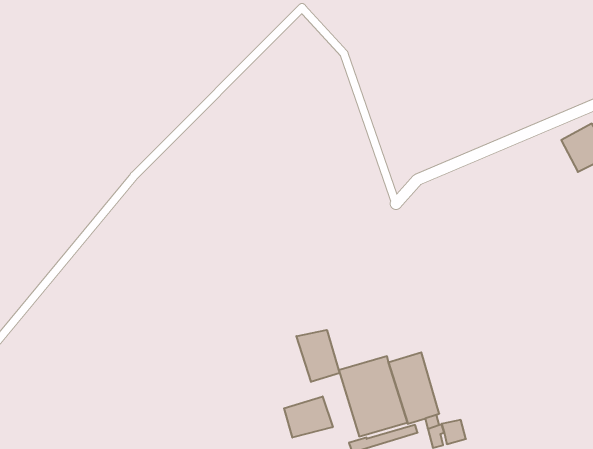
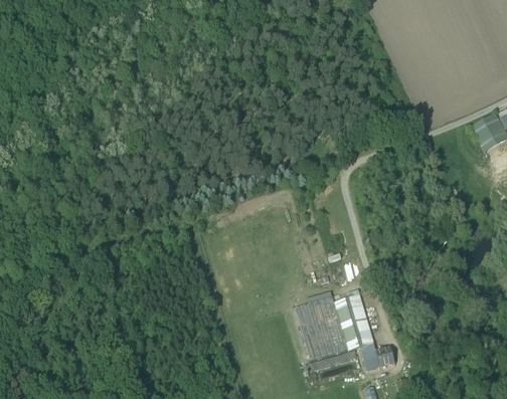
building: [296,330,340,382] -> none
building: [284,396,333,438] -> none

